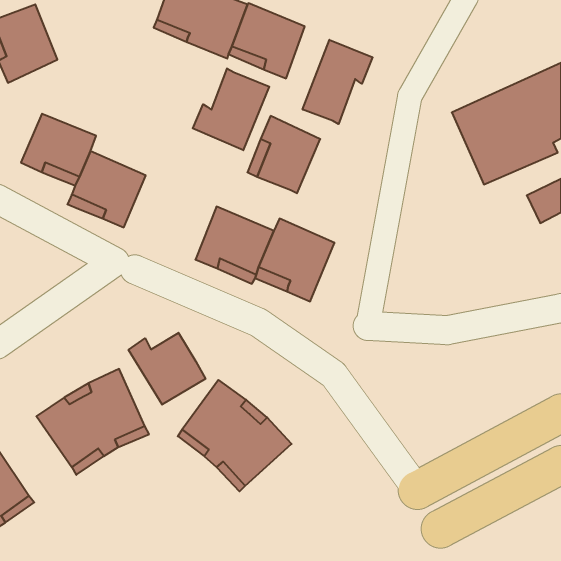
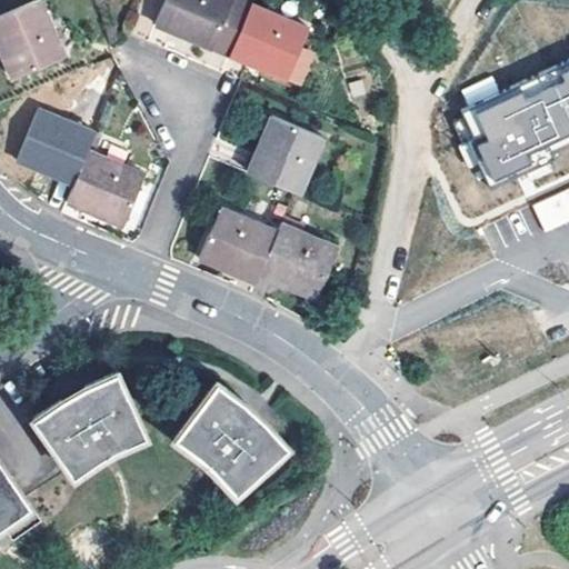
building: [303,40,373,124] -> none
building: [193,68,269,150] -> none
building: [129,333,205,405] -> none

